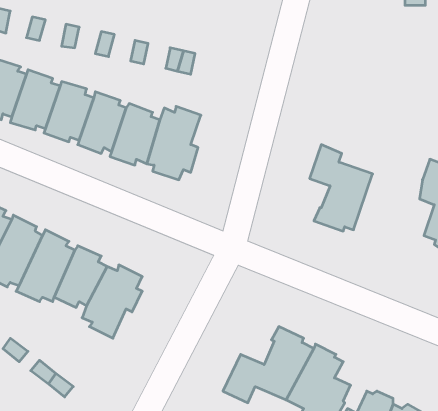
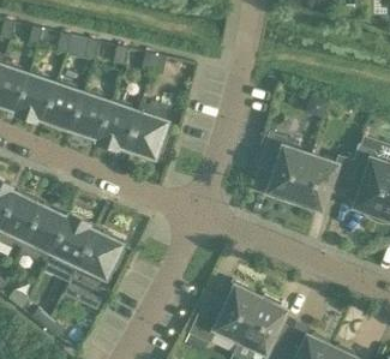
building: none -> [295,156,352,213]

